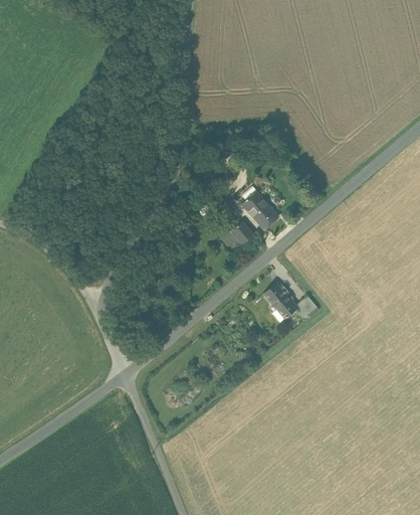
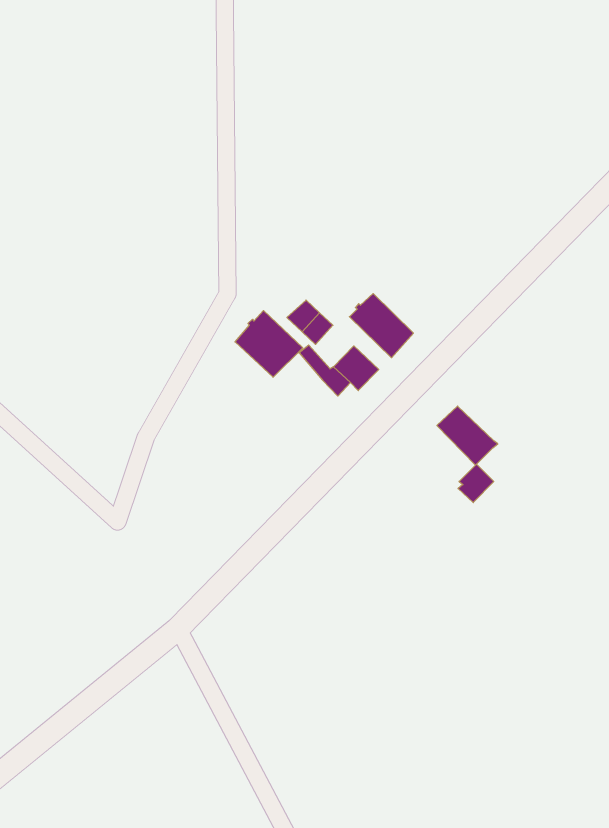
building: none -> [235,311,303,377]
building: [264,283,298,318] -> [437,406,498,465]

